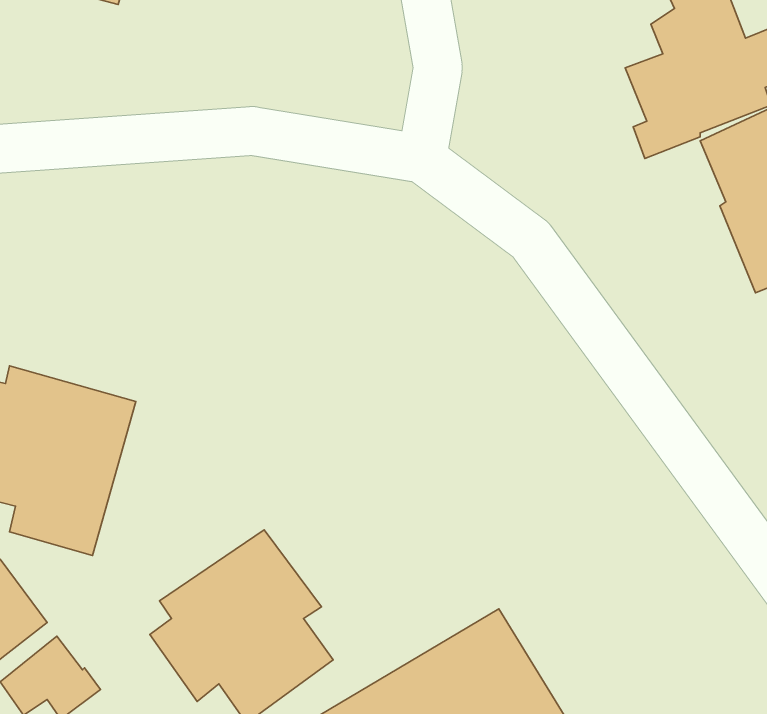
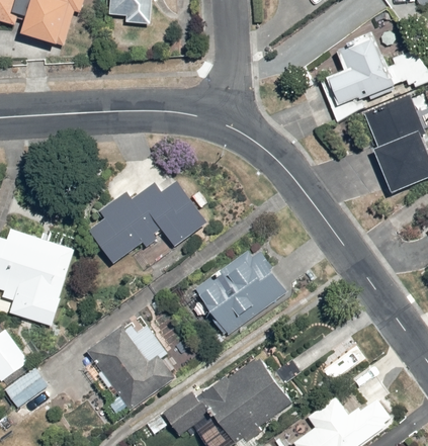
building: none -> [88,175,208,262]
building: none -> [194,249,287,336]

